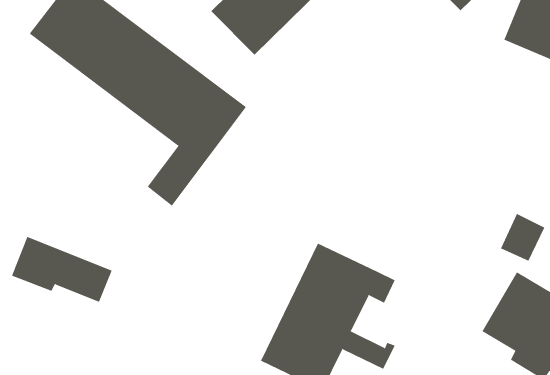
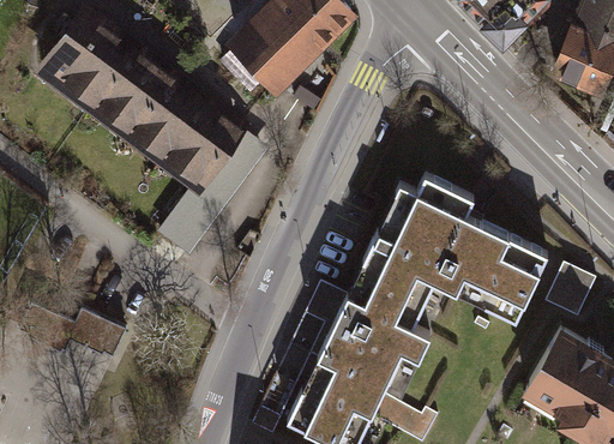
building: none -> [347,176,548,329]

